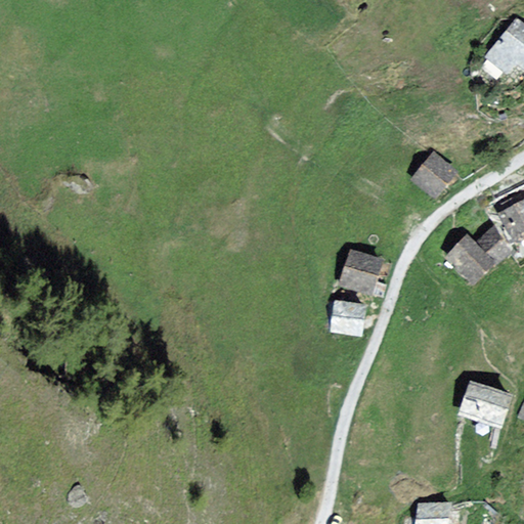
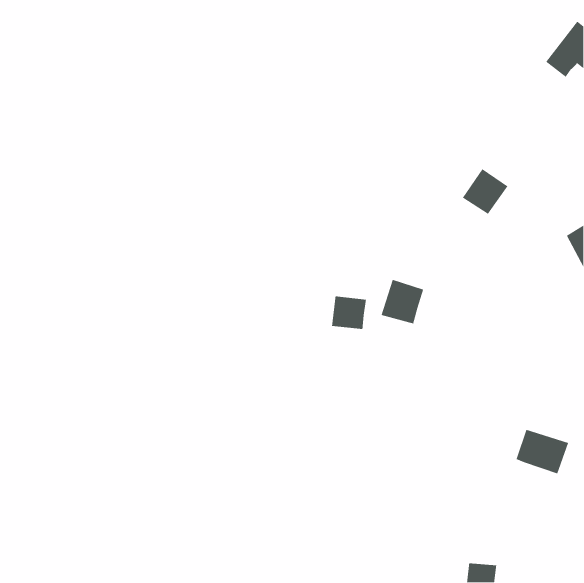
building: [447,229,509,282] -> none
building: [332,302,363,333] -> [331,296,367,330]

